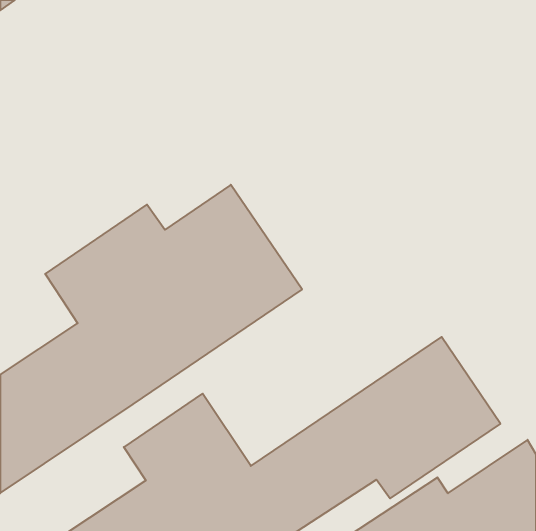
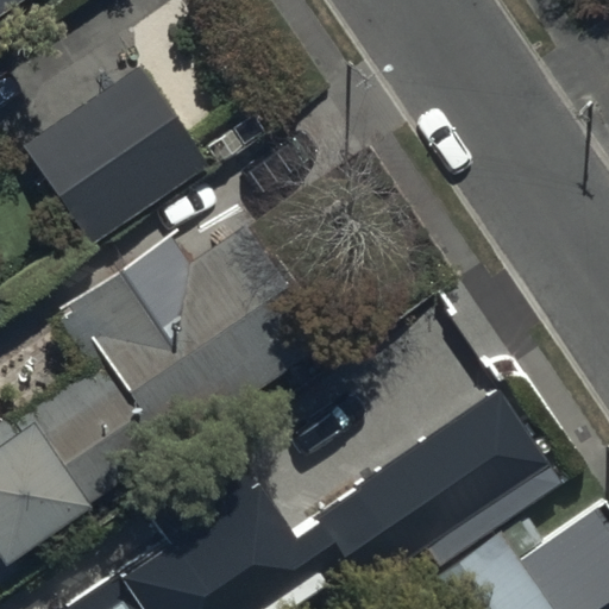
building: none -> [13,65,203,249]

